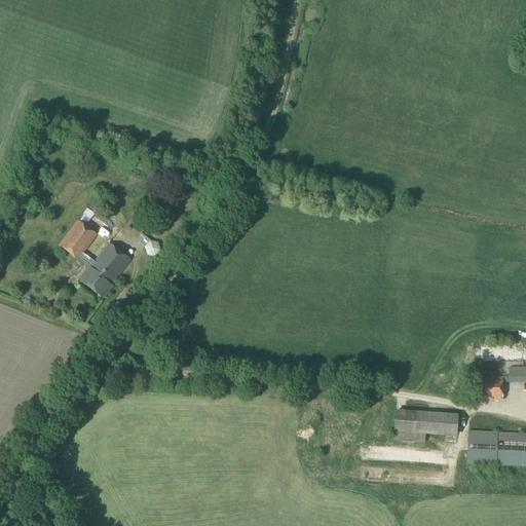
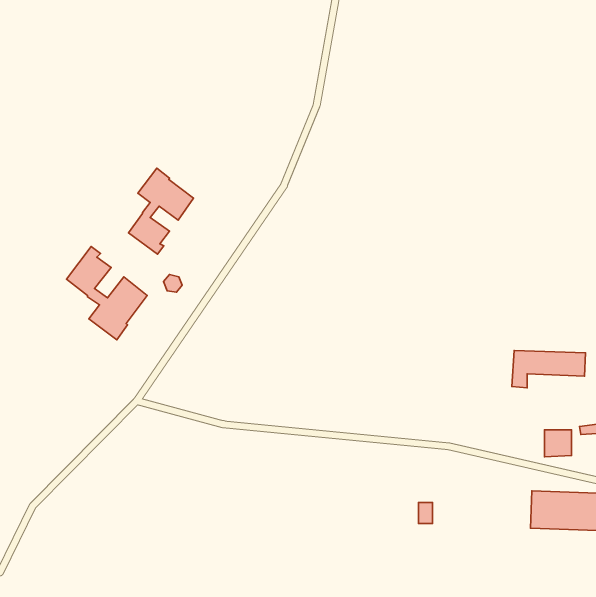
building: none -> [129,168,193,254]
building: [394,408,459,441] -> [512,350,586,388]

